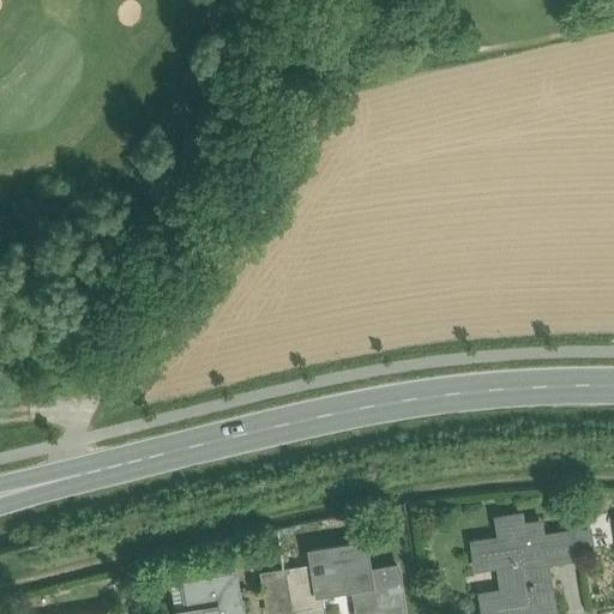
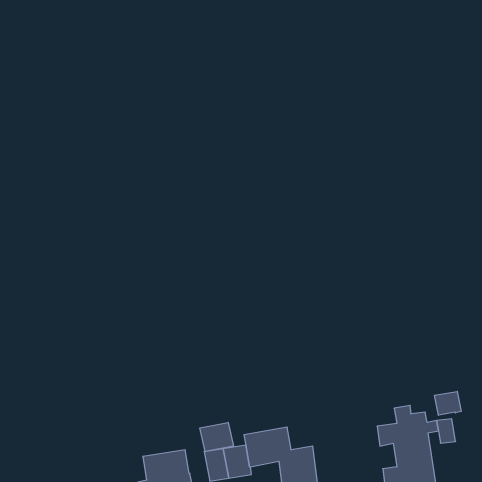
building: none -> [435,391,461,415]
building: none -> [200,422,233,452]

